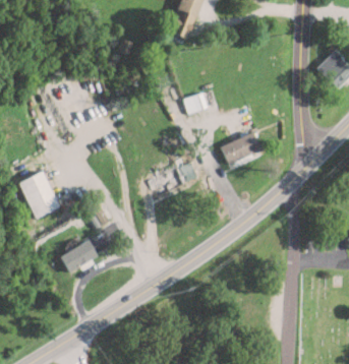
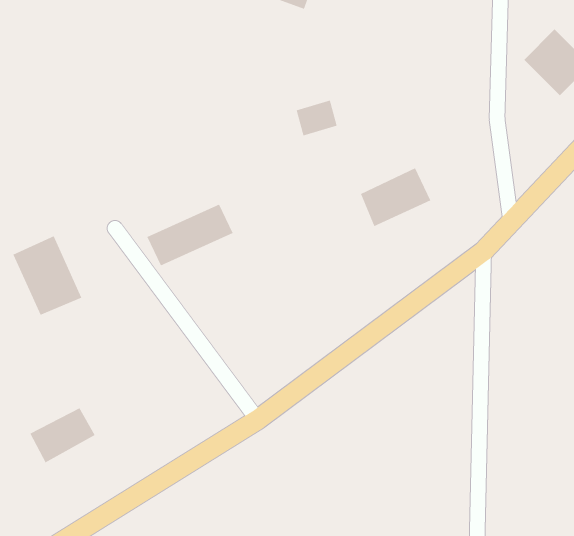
building: [148,161,198,197] -> [146,204,233,266]
building: [58,240,97,272] -> [29,407,96,463]

